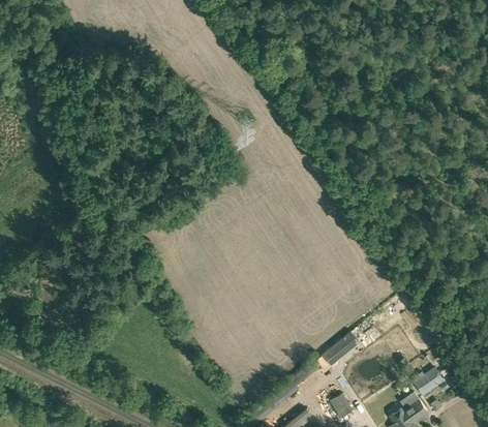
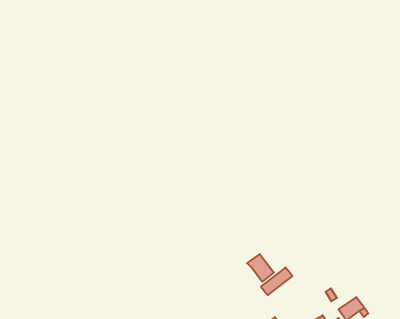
building: none -> [247,254,274,282]

